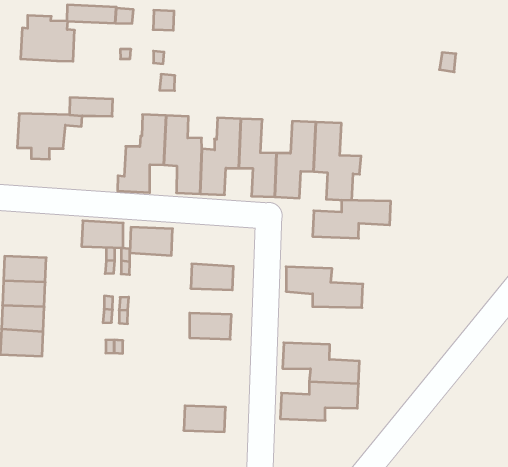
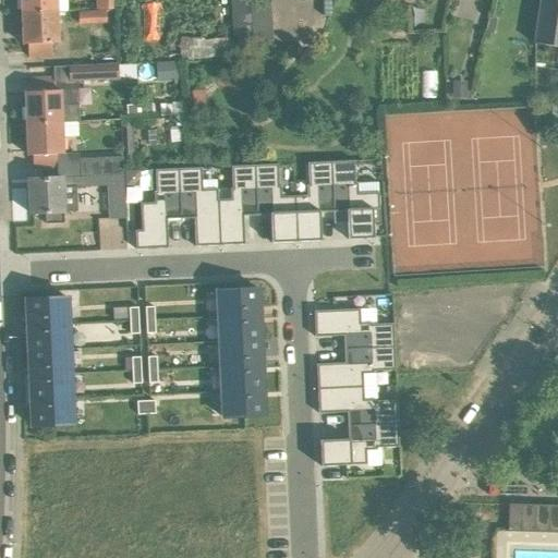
building: none -> [26,121,64,167]
building: none -> [107,172,125,217]
building: [313,200,391,238] -> [317,344,396,387]
building: [82,221,123,248] -> [26,296,70,324]
building: [130,227,173,255] -> [217,287,260,315]
building: none -> [219,338,263,365]
building: [184,406,226,432] -> [222,388,265,415]

